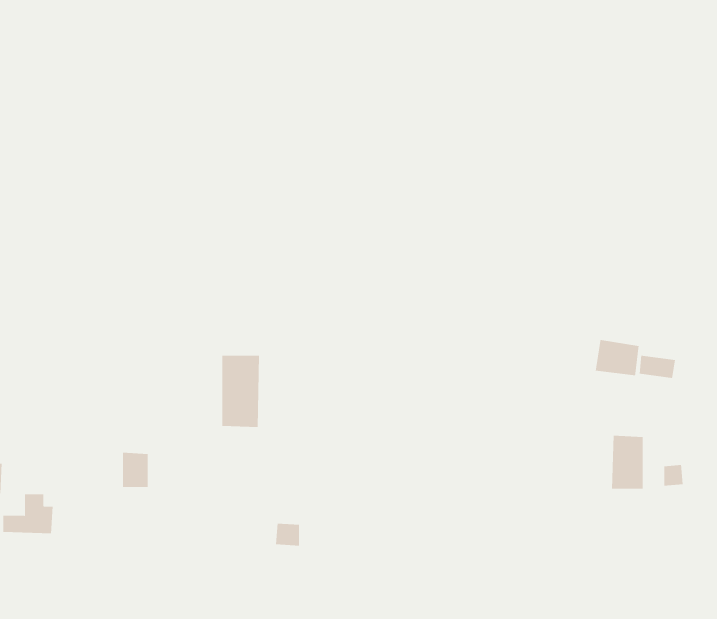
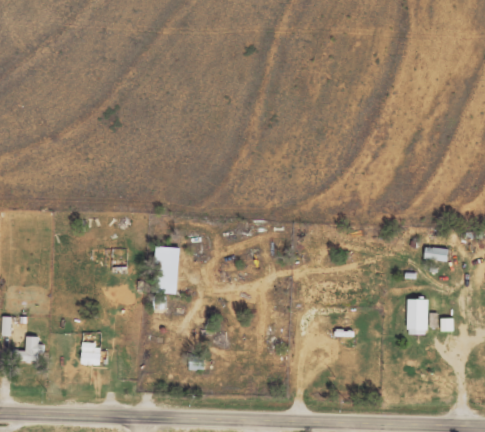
building: [595,339,639,376] -> none
building: [122,452,148,488] -> [82,341,99,364]

